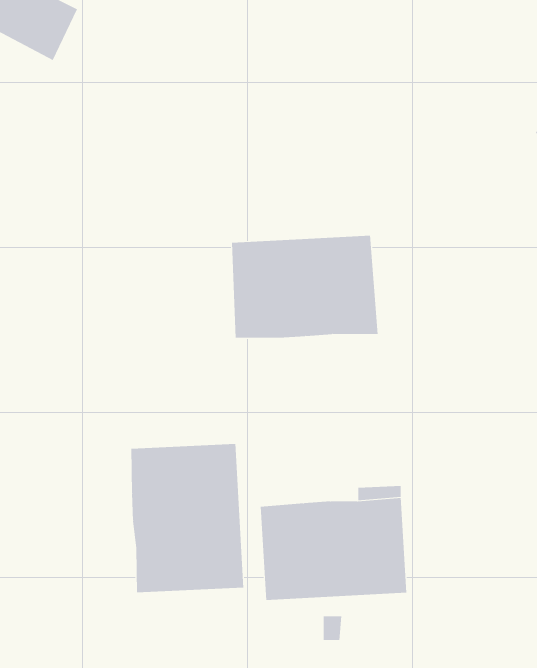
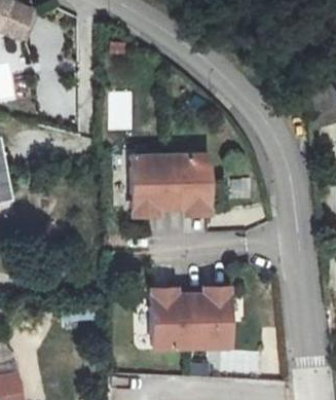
building: [131,443,244,593] -> none

